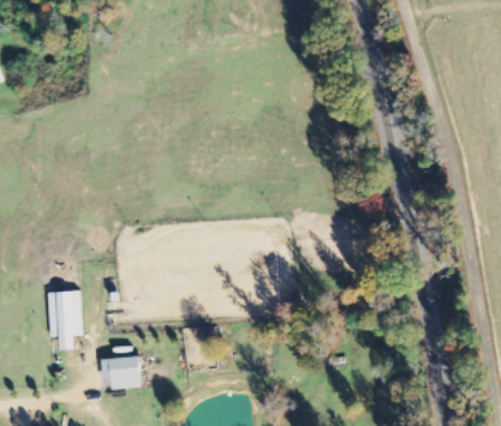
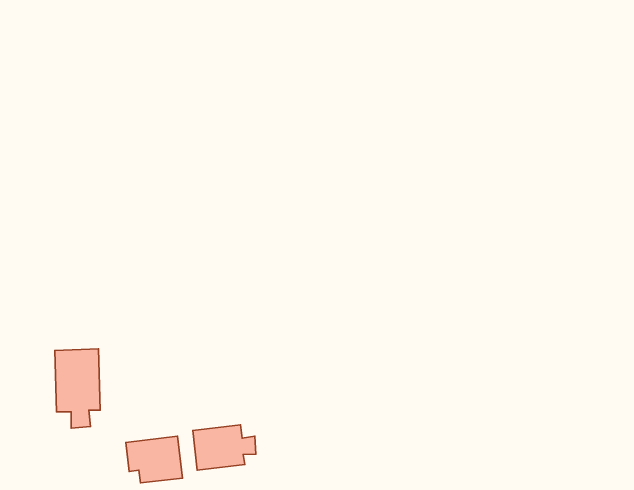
building: none -> [193,425,256,470]

